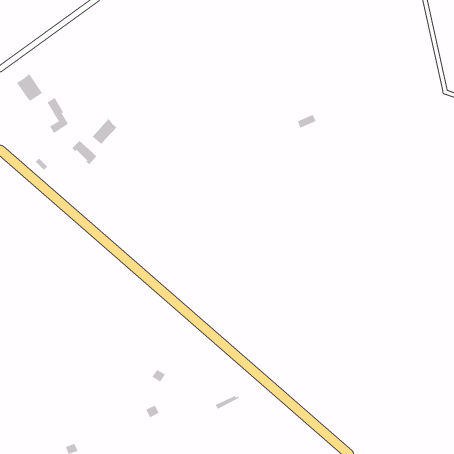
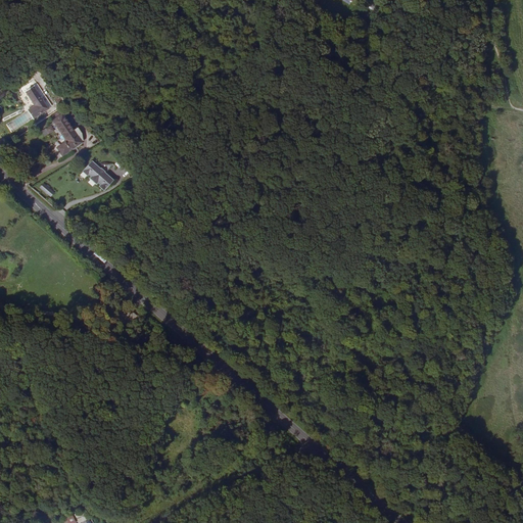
building: [92,118,118,145] -> none

